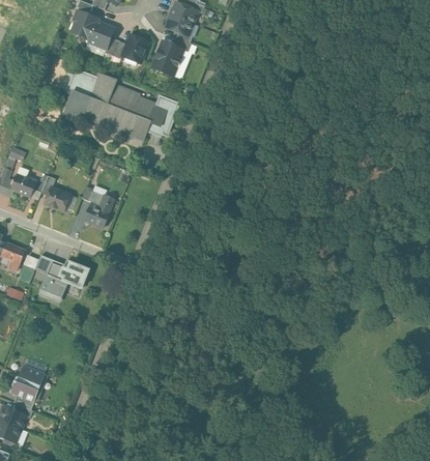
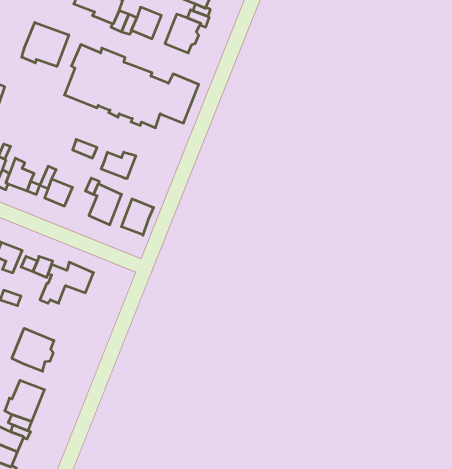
building: none -> [22,22,69,66]
building: none -> [101,152,136,179]
building: none -> [121,199,154,235]
building: none -> [12,328,54,371]

